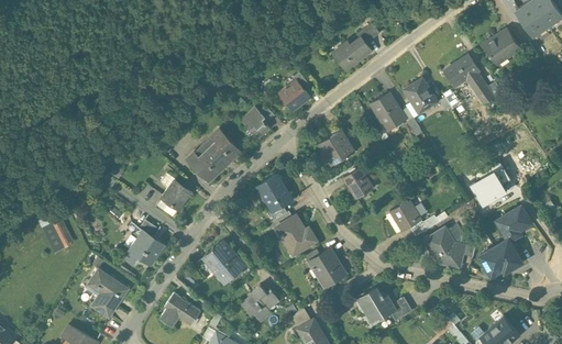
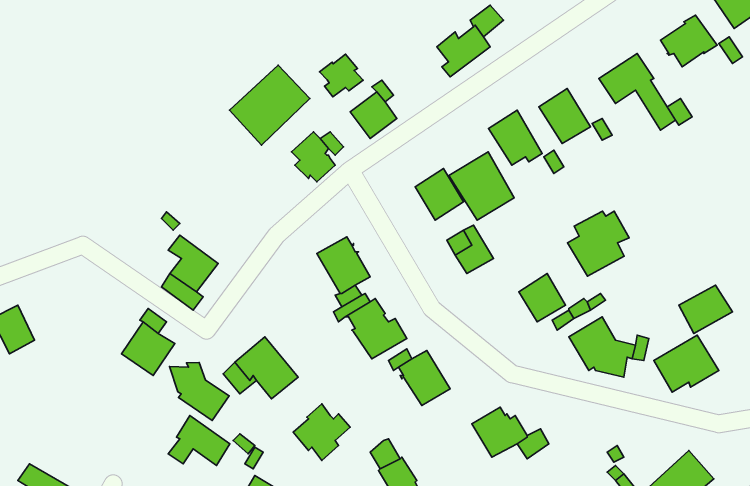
building: none -> [319,54,363,97]
building: none -> [449,152,514,220]
building: [188,130,241,182] -> [230,65,310,145]
building: [470,164,510,207] -> [568,211,629,276]
building: none -> [169,362,229,421]
building: [85,269,128,318] -> none

